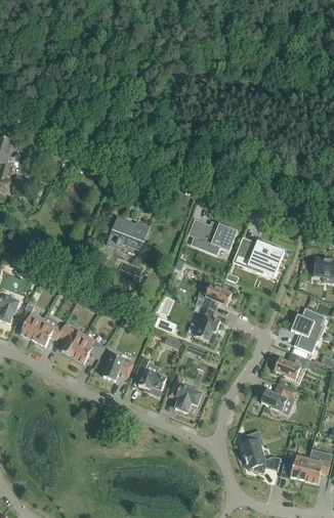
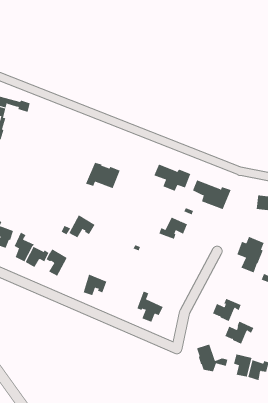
building: [193,306,219,341] -> none
building: [72,334,105,362] -> [68,215,95,238]
building: [274,351,309,380] -> [225,321,254,344]
building: [134,355,166,390] -> none

